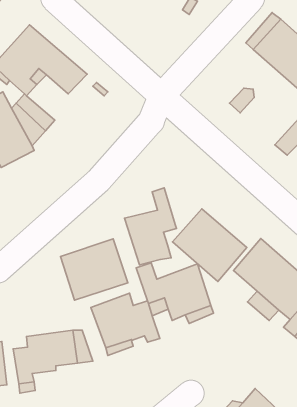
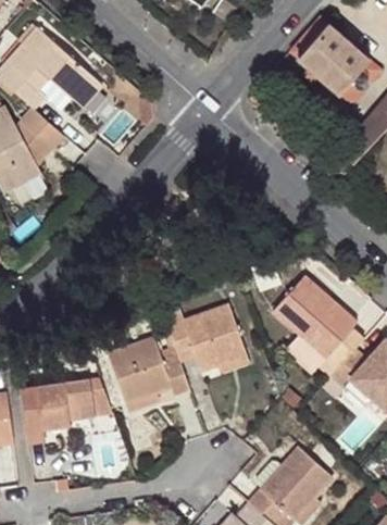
building: [125,188,176,265] -> none
building: [173,209,247,281] -> none
building: [60,239,128,300] -> none

